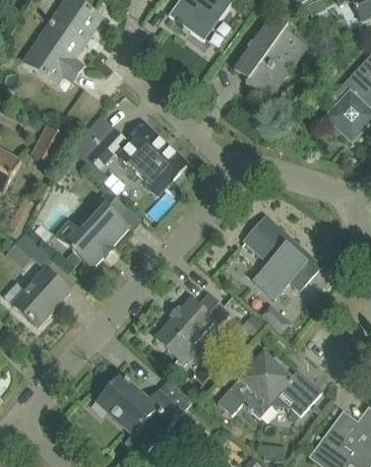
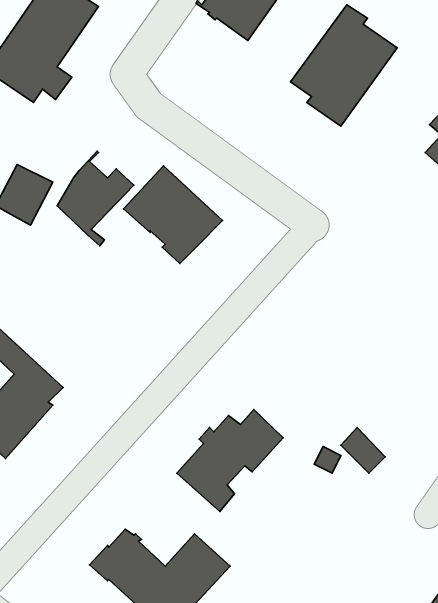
building: [56,190,127,267] -> none
building: [243,214,321,296] -> none
building: [218,349,321,416] -> none

